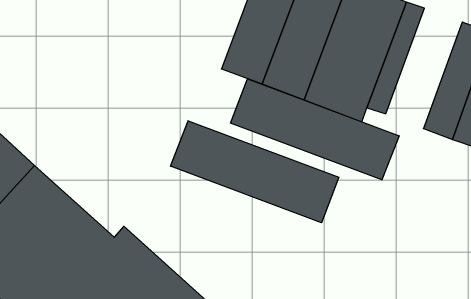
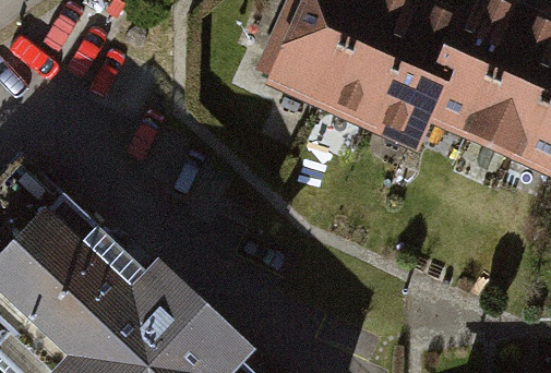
building: none -> [445,20,529,152]
building: [231,79,399,180] -> none
building: [171,121,339,223] -> none

